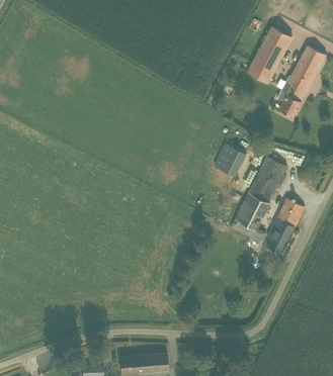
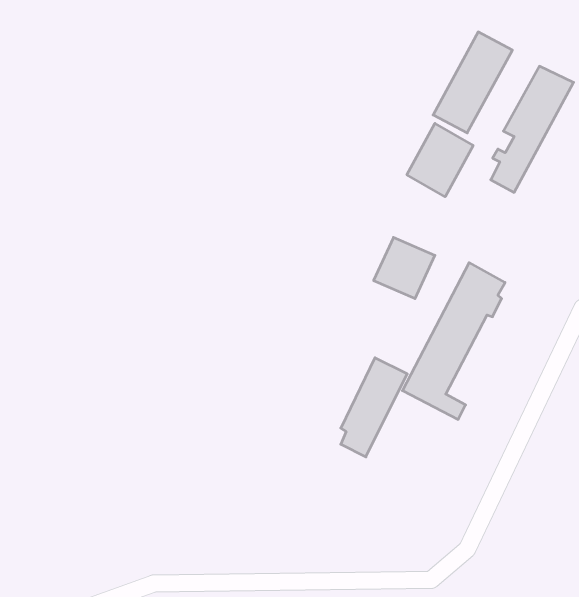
building: none -> [407,123,473,197]
building: [266,199,304,255] -> [341,358,407,457]

